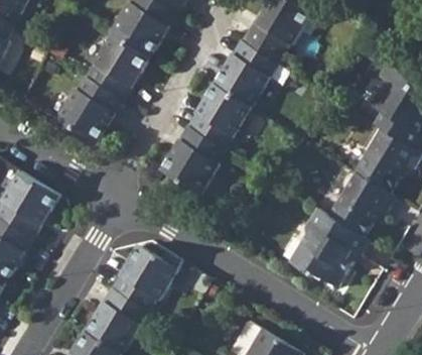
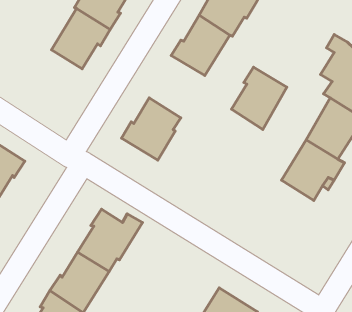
building: [55,79,118,144] -> none
building: [188,85,247,150] -> [231,67,287,129]
building: [288,209,368,287] -> none

